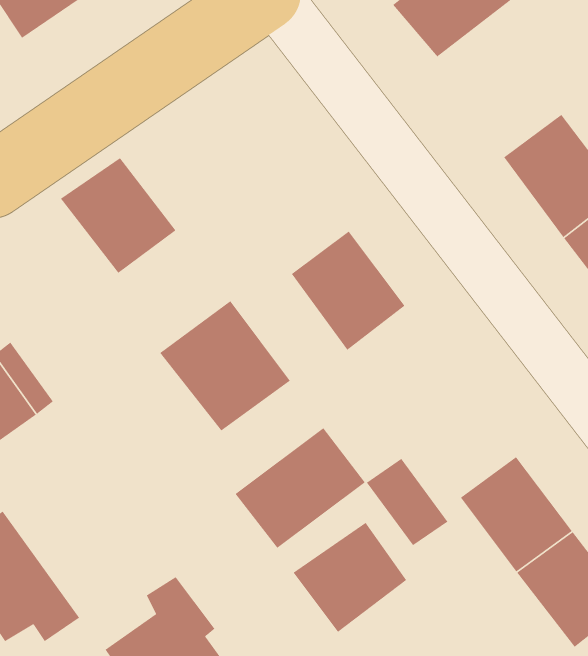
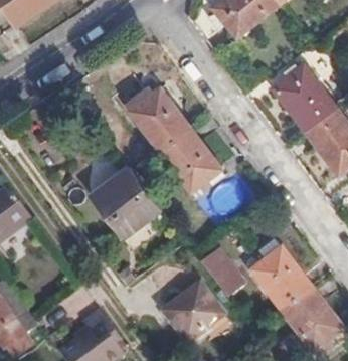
building: [60,157,176,274] -> [129,87,191,150]
building: [235,427,366,549] -> none

